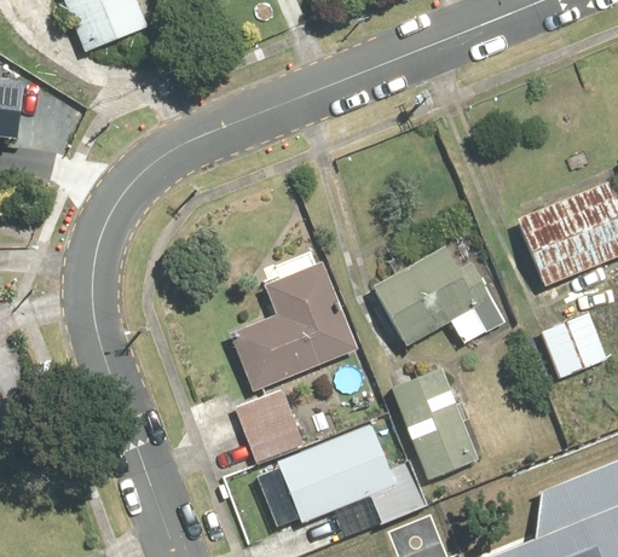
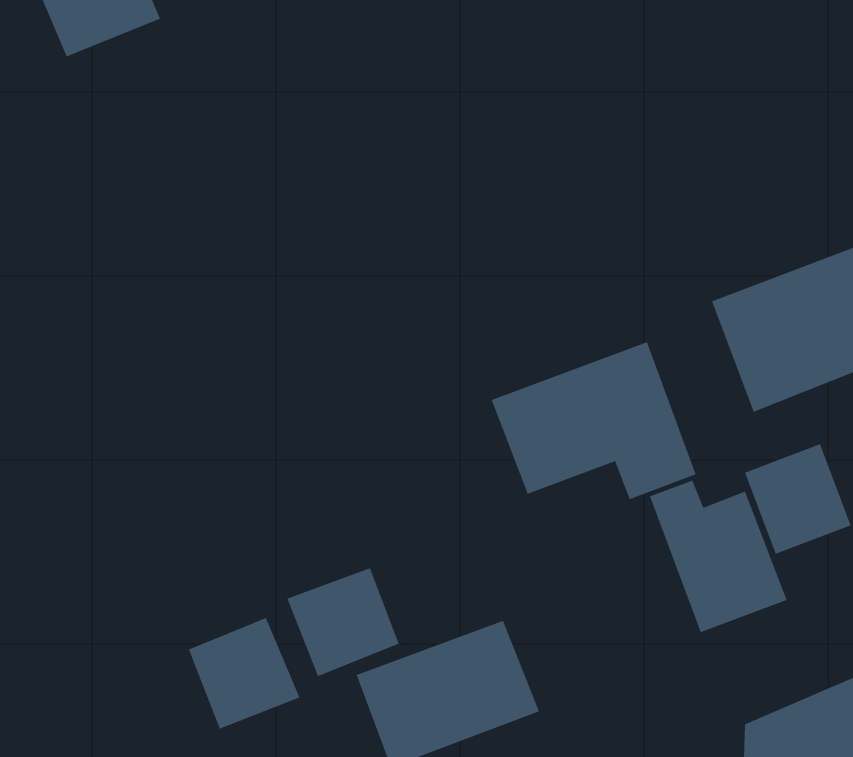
building: [230,262,360,390] -> none
building: [389,377,481,478] -> [649,480,788,633]
building: none -> [188,617,300,730]

